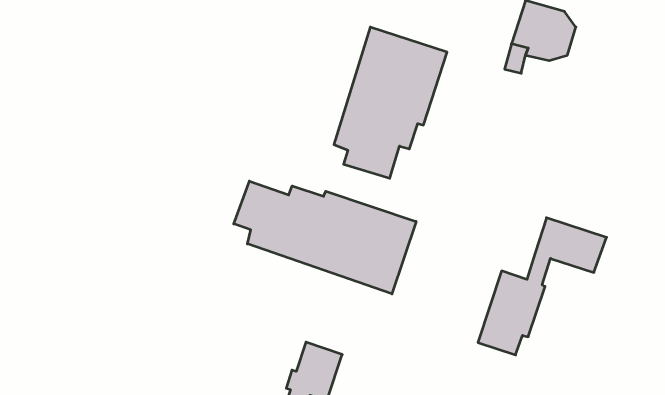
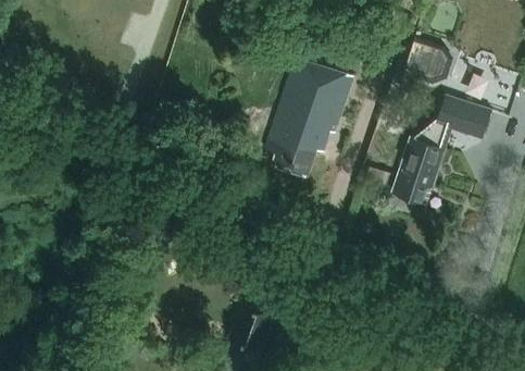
building: [234,181,416,294] -> none
building: [478,218,607,355] -> [392,96,492,202]

